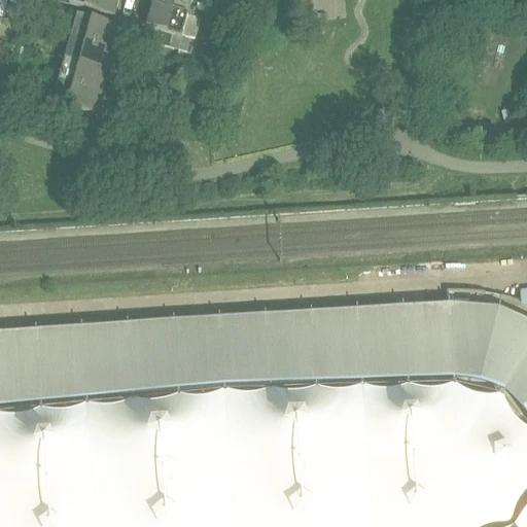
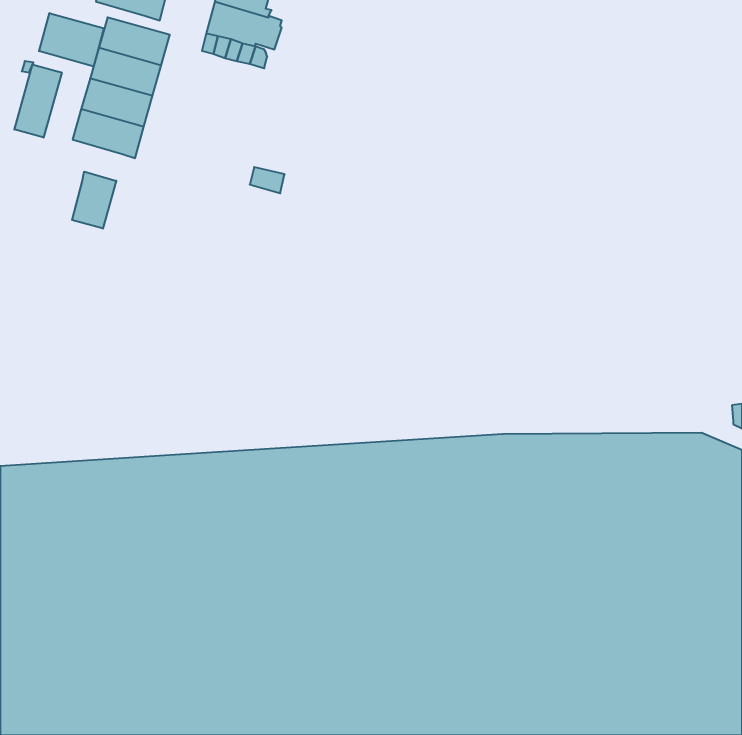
building: none -> [39,13,104,66]
building: none -> [14,65,62,138]
building: none -> [72,172,116,229]

